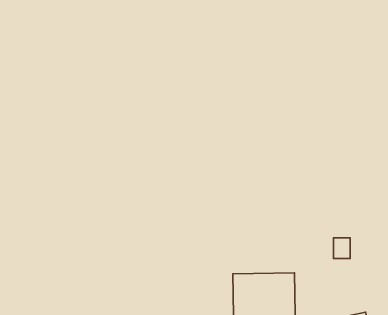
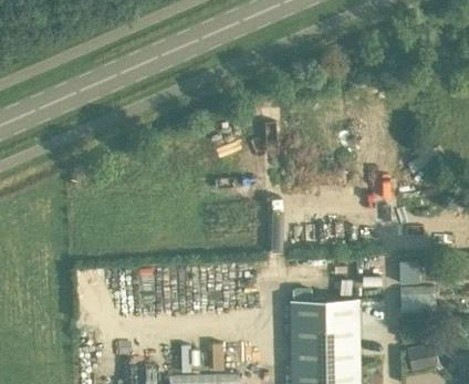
building: none -> [403,286,438,312]

